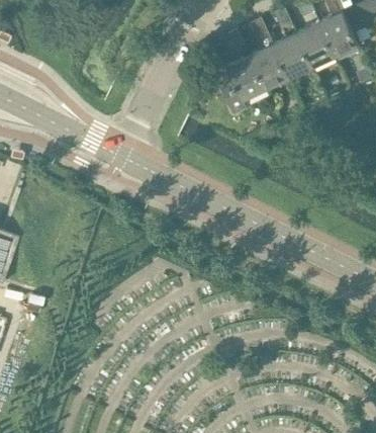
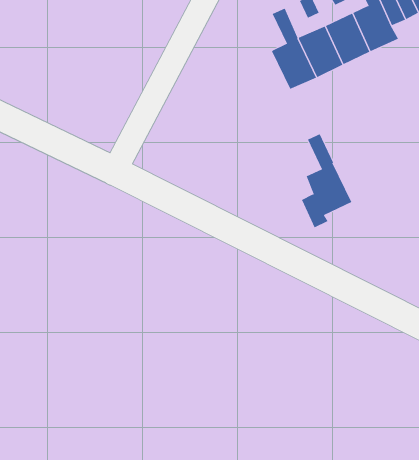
building: [220,29,264,110] -> [301,134,352,228]

